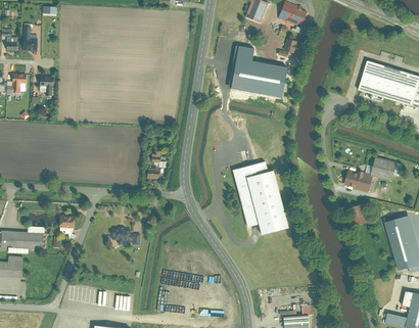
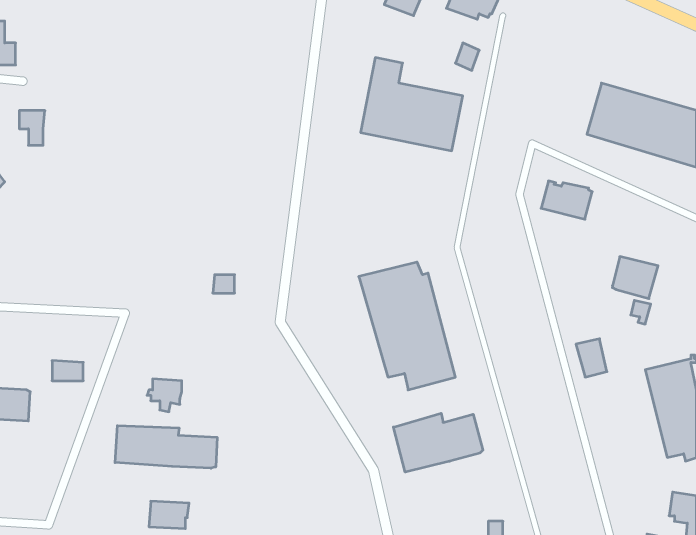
building: [344,170,373,191] -> [541,181,592,219]
building: none -> [393,413,483,472]
building: none -> [115,426,217,468]

